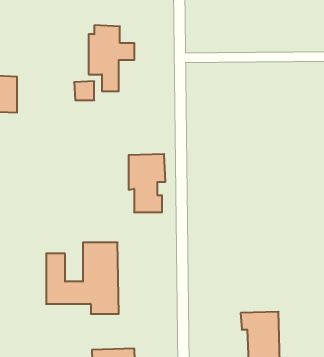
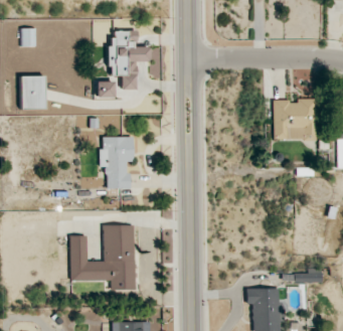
building: none -> [273,99,316,139]
building: [129,154,165,212] -> [102,136,135,188]

